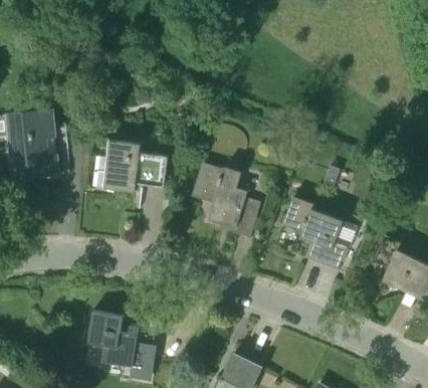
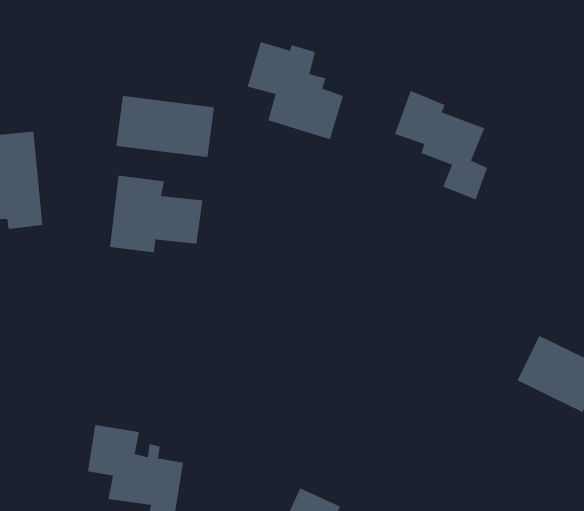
building: none -> [116,95,215,158]
building: [194,165,260,232] -> [247,41,344,140]
building: [281,195,346,270] -> [394,90,488,200]

